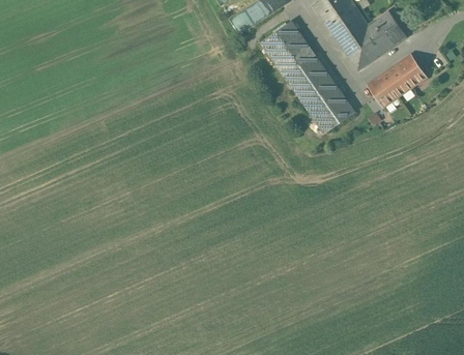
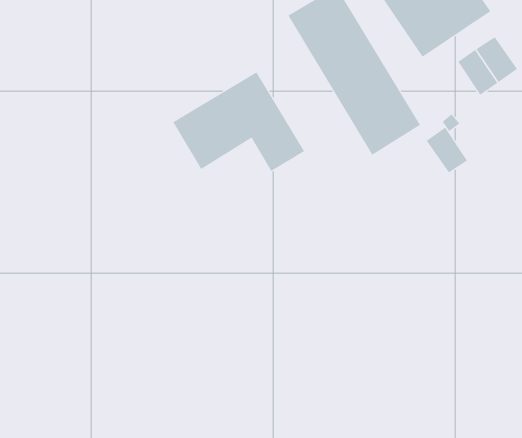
building: [369,72,400,107] -> [426,127,468,173]
building: none -> [173,71,305,172]

